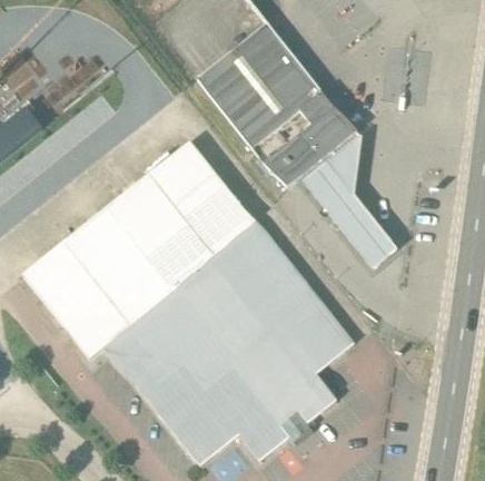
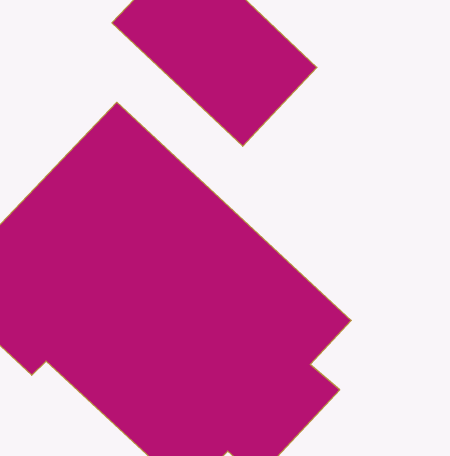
building: [299,134,398,272] -> none

